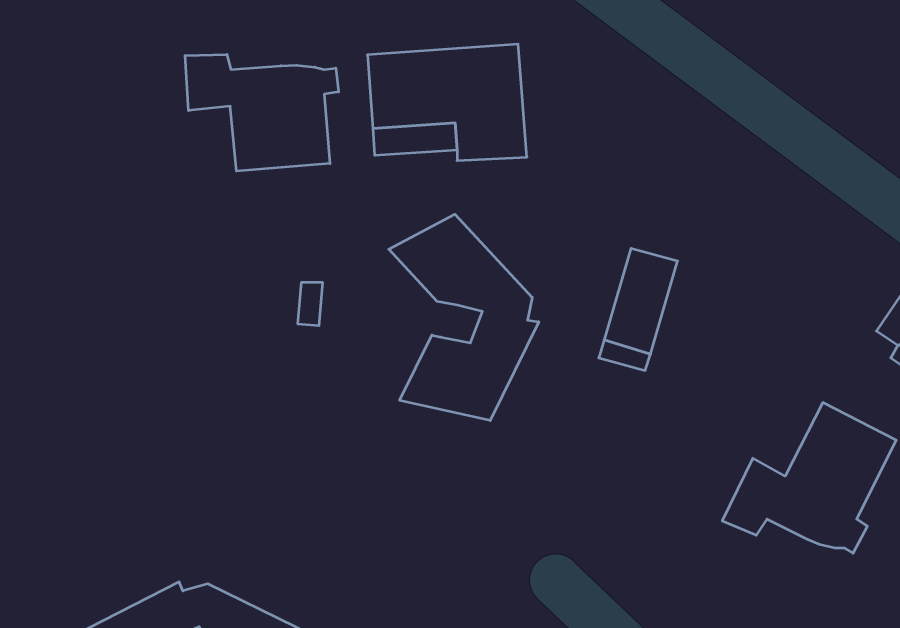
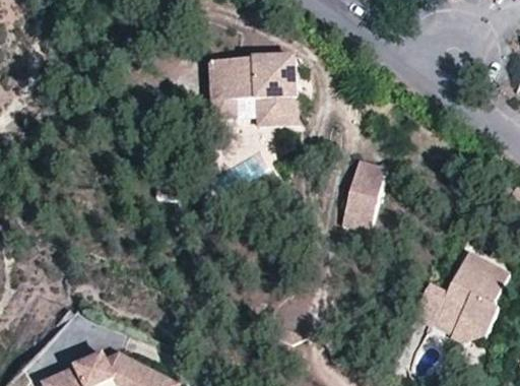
building: [185,54,339,171] -> none
building: [389,214,539,421] -> none

